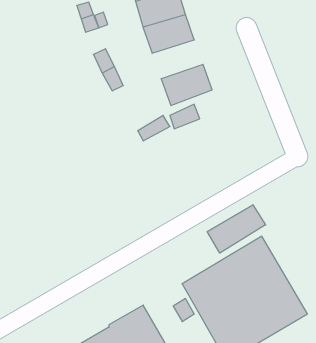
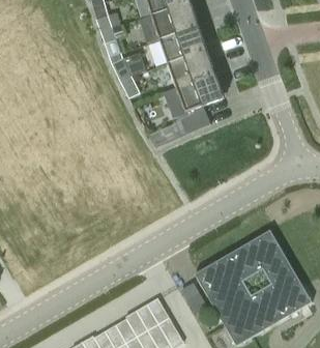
building: none -> [166,50,213,86]
building: [207,205,266,253] -> none

